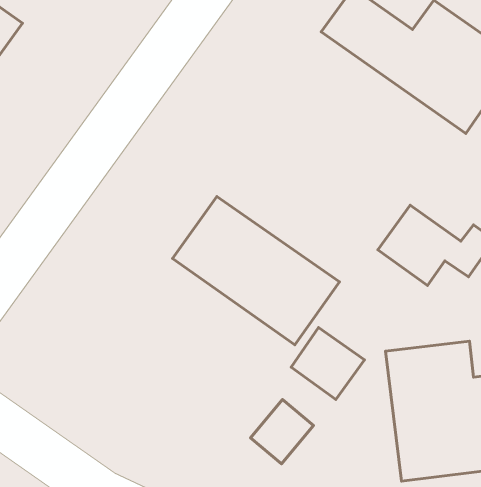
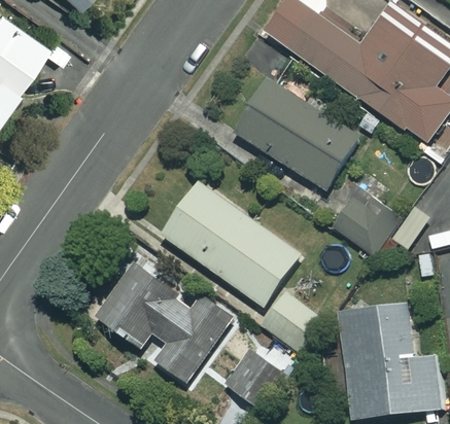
building: none -> [233,79,358,188]
building: none -> [96,262,232,382]

